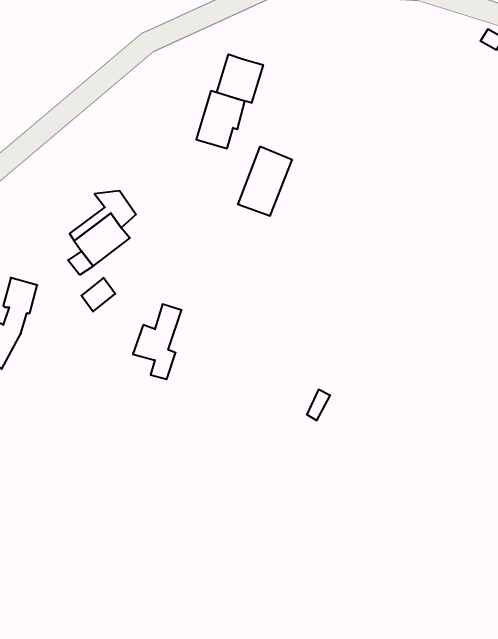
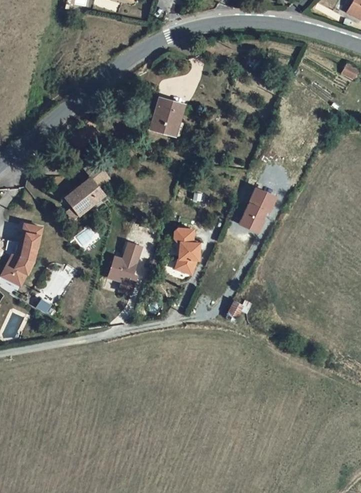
building: [217,54,263,103] -> none
building: [238,147,292,216] -> [237,185,274,232]
building: none -> [175,228,200,273]

